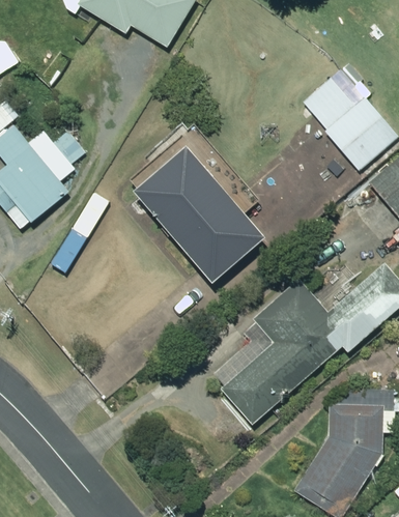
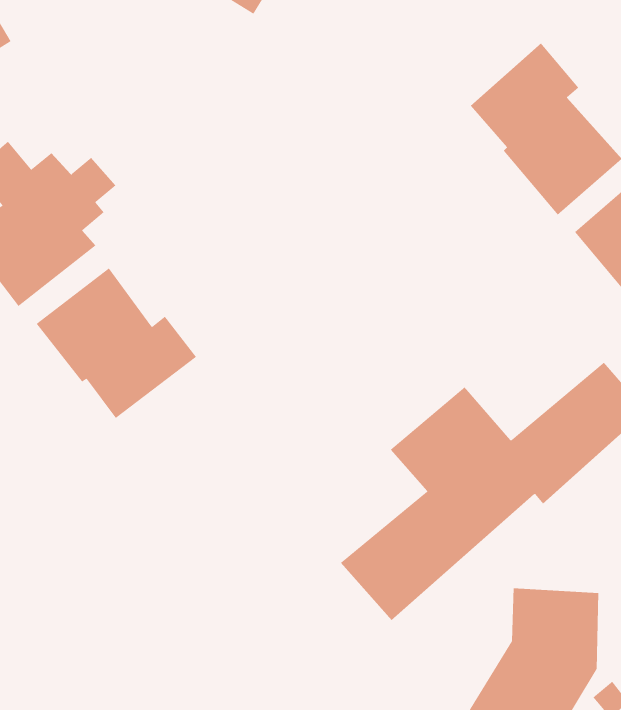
building: [137,144,268,282] -> none
building: none -> [36,267,197,419]

